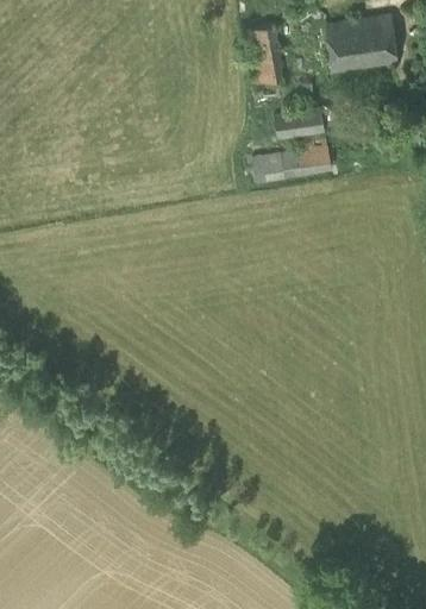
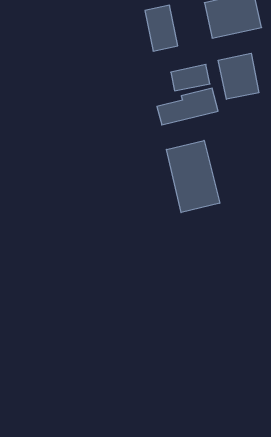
building: none -> [218,53,259,99]
building: none -> [166,140,220,213]

